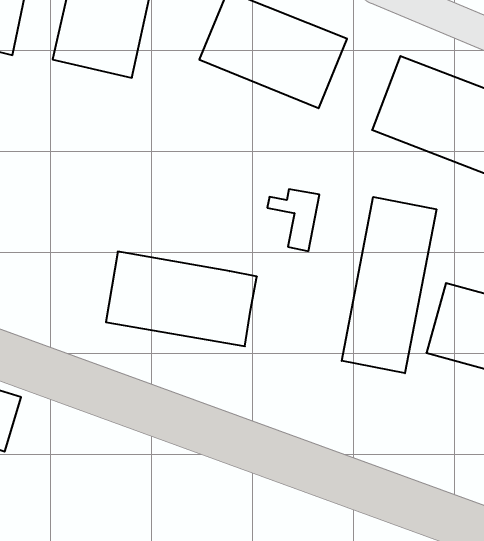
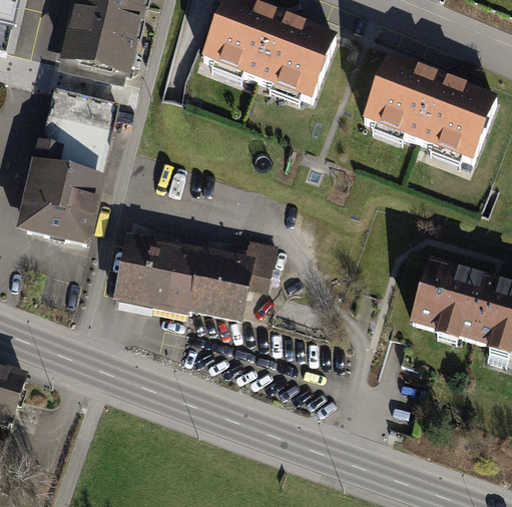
building: none -> [19,80,124,243]
building: [267,189,319,251] -> [225,233,274,291]
building: [342,197,436,373] -> none

